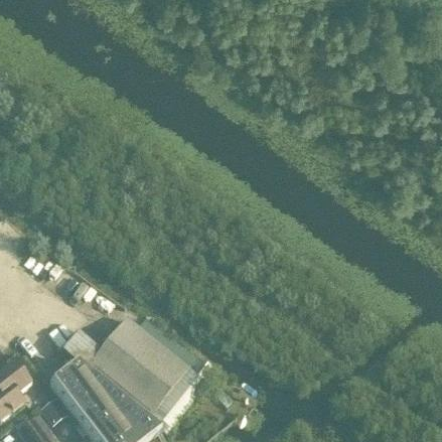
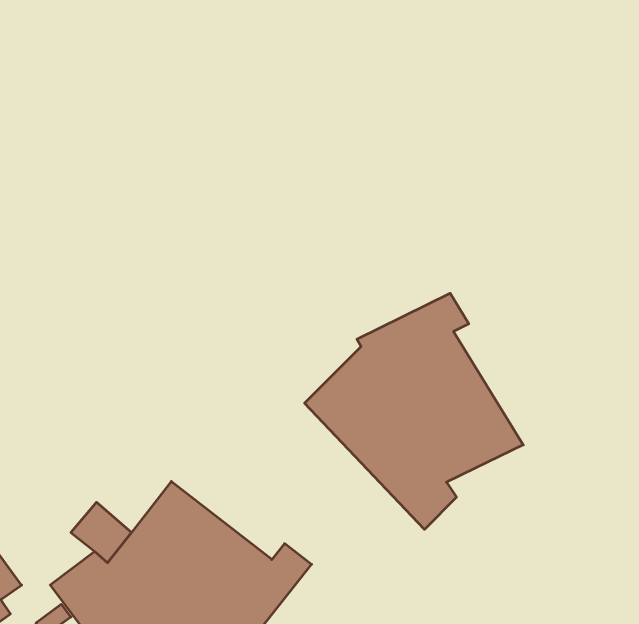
building: none -> [305,293,523,529]

